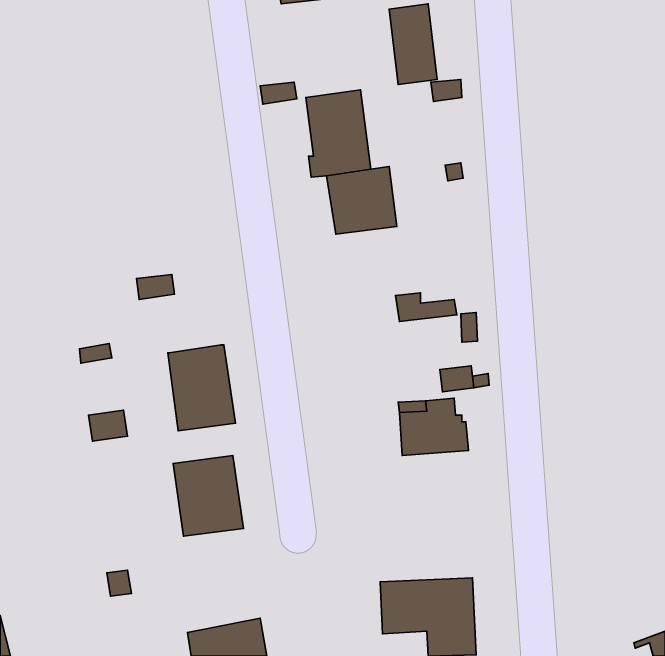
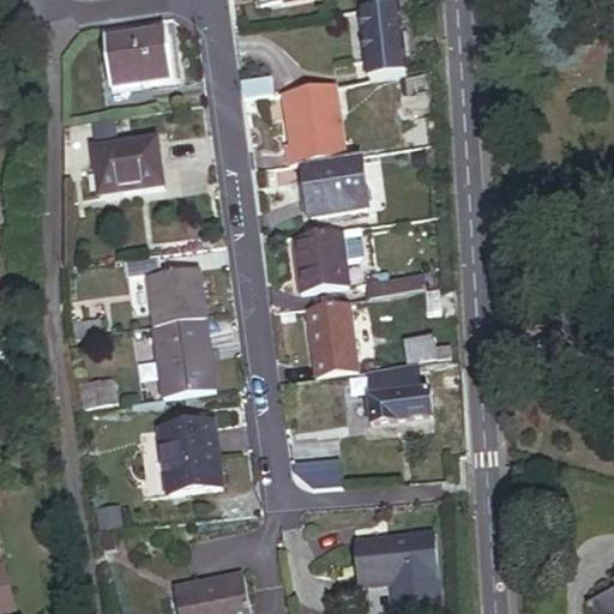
building: none -> [104,31,174,90]
building: none -> [94,136,165,191]
building: none -> [290,225,365,291]
building: none -> [150,270,204,325]
building: none -> [302,299,353,375]

